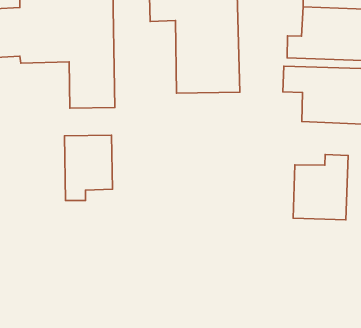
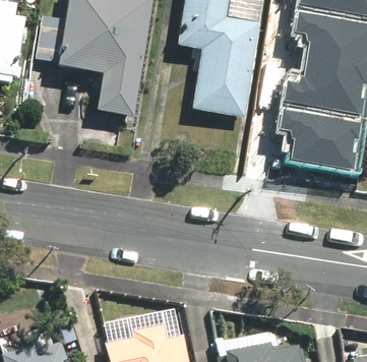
building: [65,135,112,201] -> none
building: [293,155,348,220] -> none

